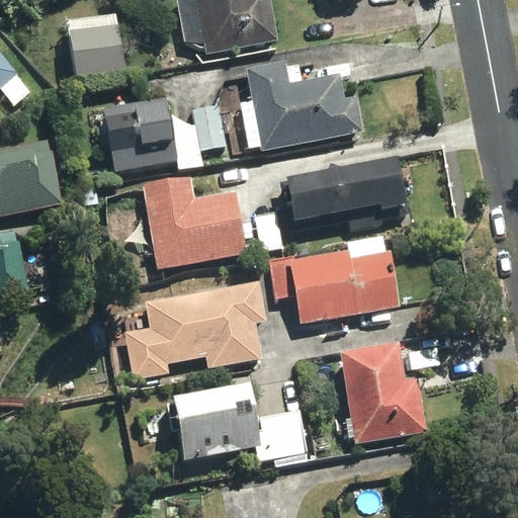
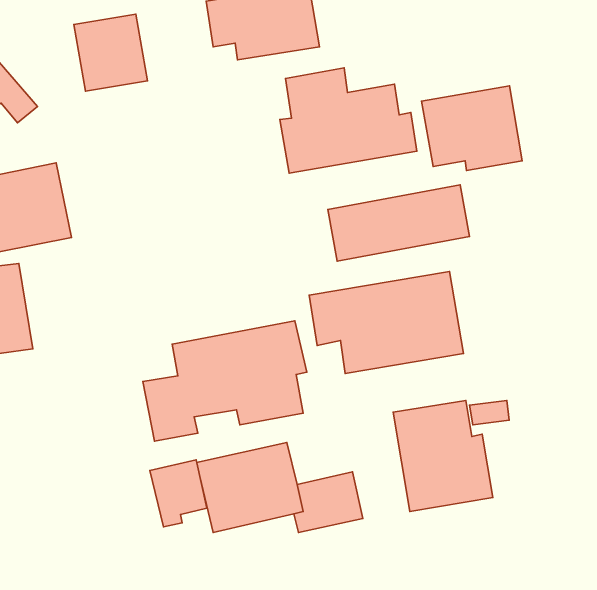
building: none -> [422,86,522,170]
building: [104,97,226,171] -> none
building: [141,175,248,270] -> none
building: none -> [150,460,207,527]

